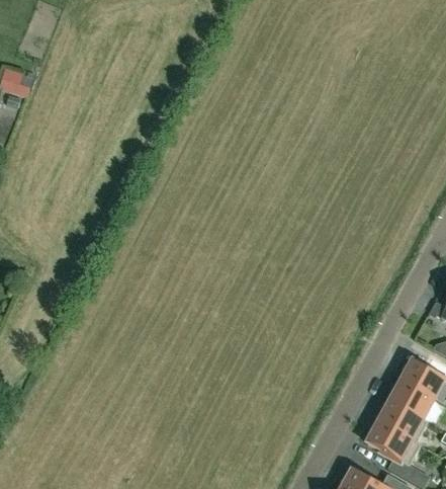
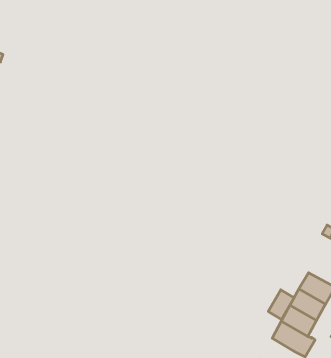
building: none -> [268,290,294,319]

